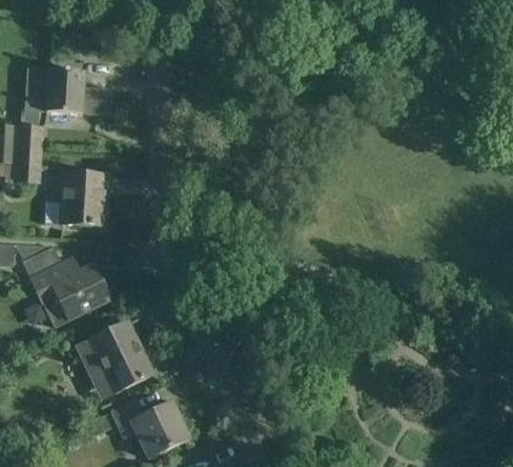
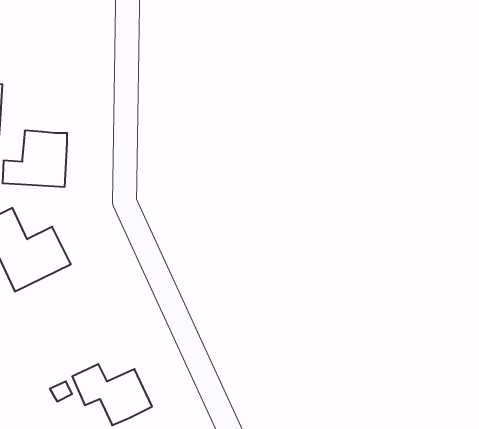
building: [44,68,109,111] -> none
building: [74,319,149,391] -> none

